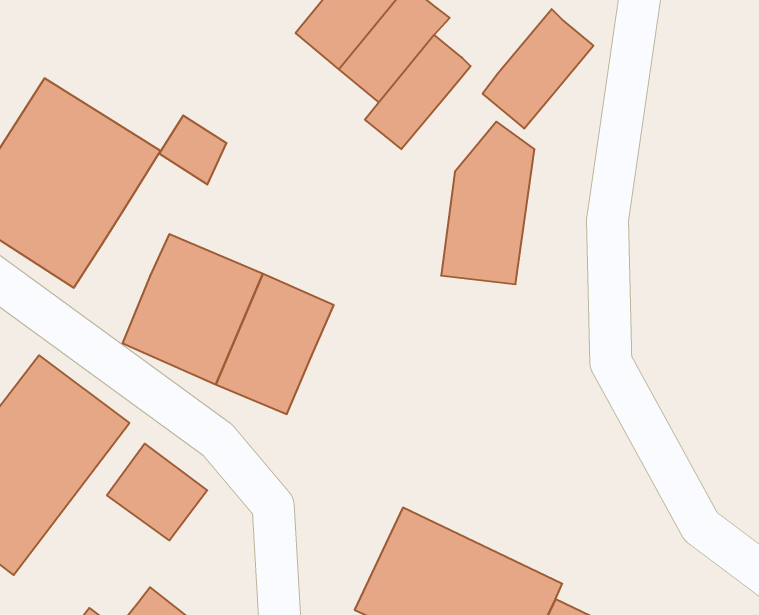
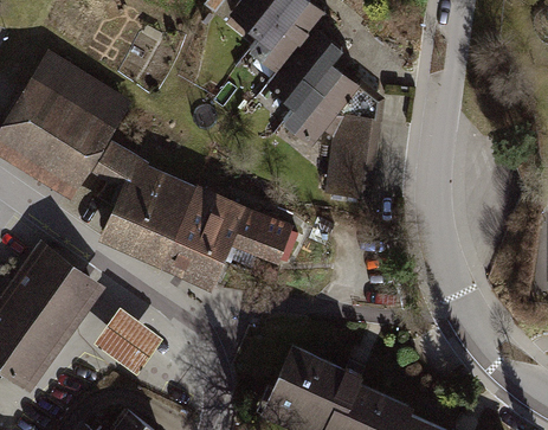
building: [483,9,593,129] -> [282,60,357,142]
building: [159,115,227,185] -> [88,143,134,191]
building: none -> [231,211,292,268]

